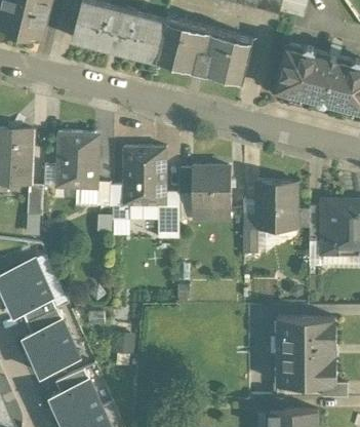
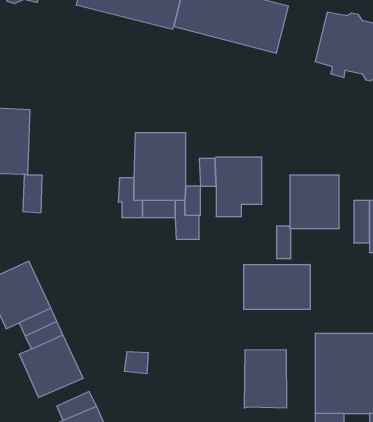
building: [56,133,98,191] -> none
building: none -> [244,264,310,310]
building: none -> [245,350,287,408]

